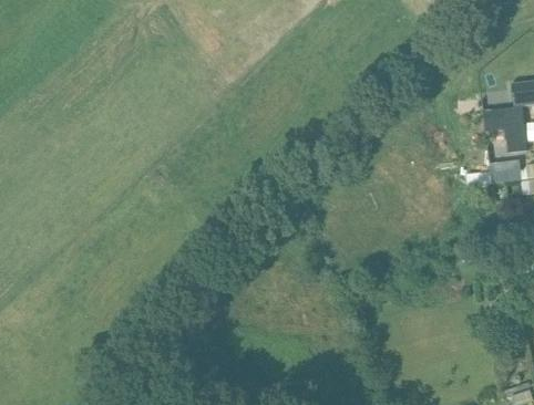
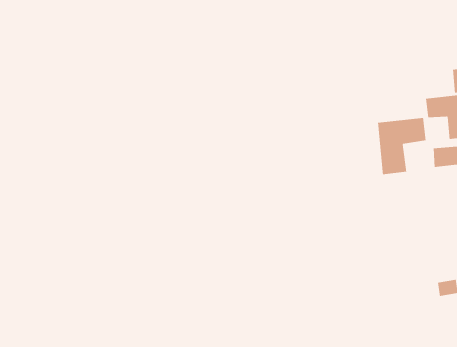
building: none -> [377,117,426,175]

